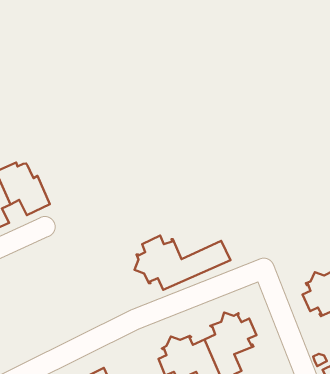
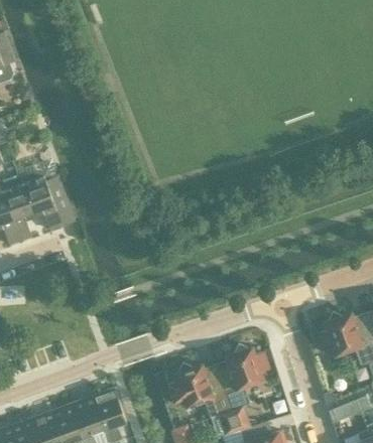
building: [134,235,231,290] -> none

